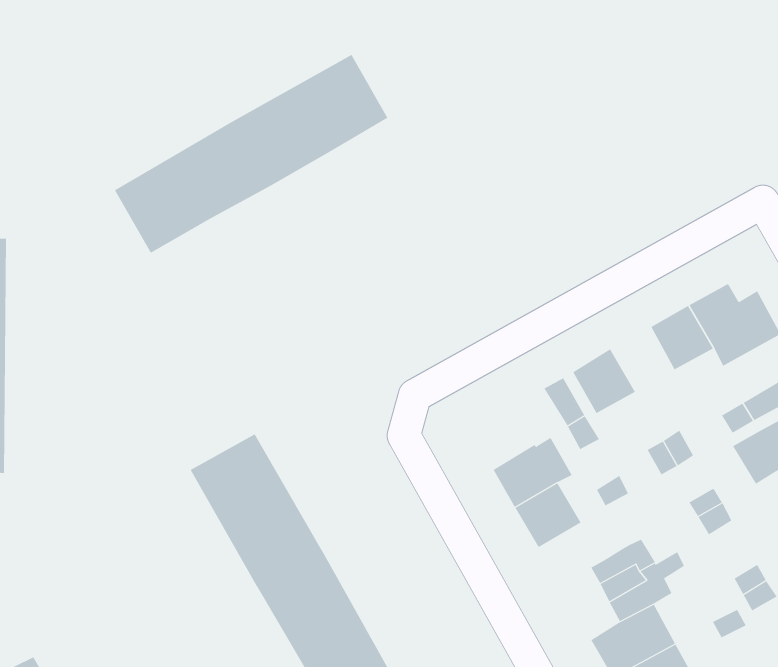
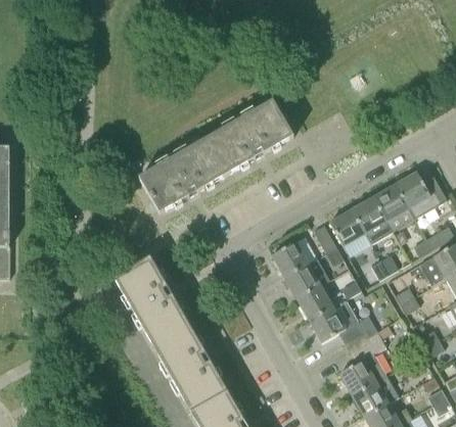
building: [114,54,388,254] -> [139,100,293,212]
building: none -> [351,196,393,243]
building: none -> [272,241,308,277]
building: none -> [310,306,347,342]

